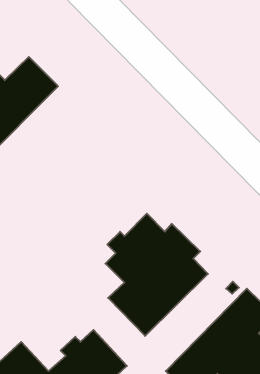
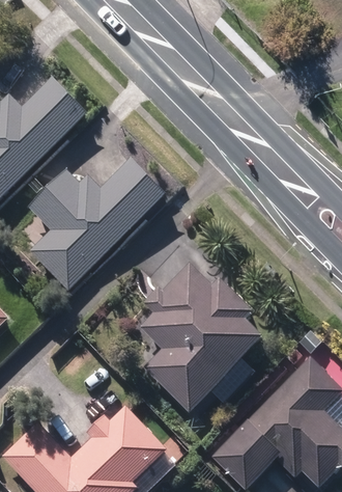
building: none -> [30,159,163,288]

